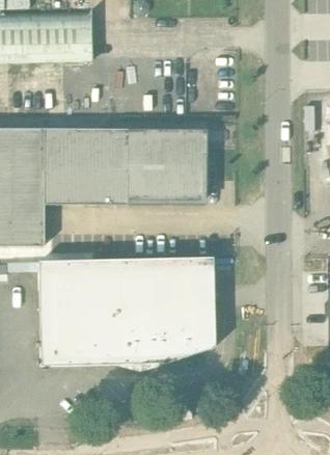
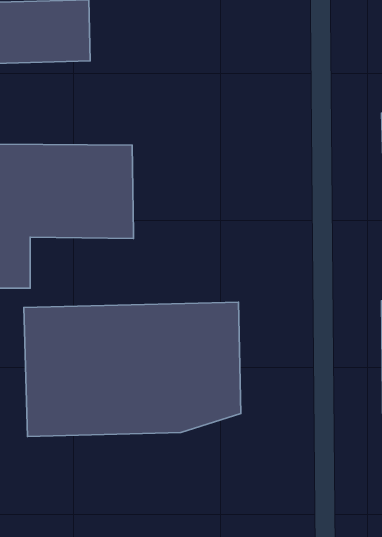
building: [126,128,207,200] -> none

